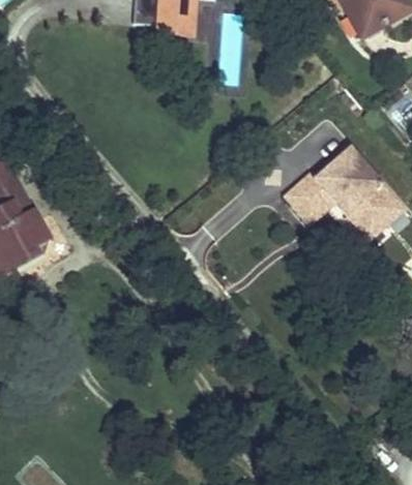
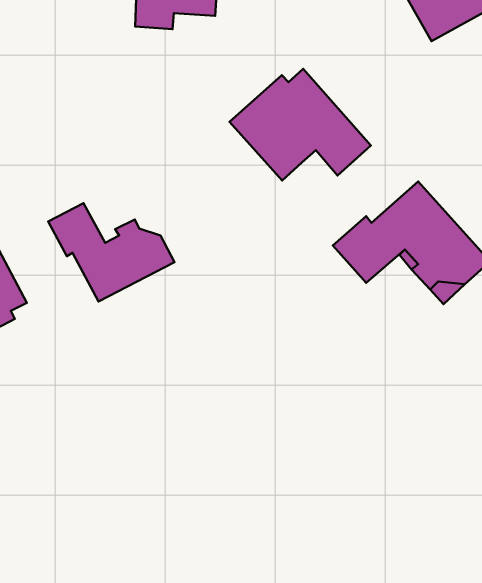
building: none -> [230,69,371,180]
building: none -> [48,203,174,302]

